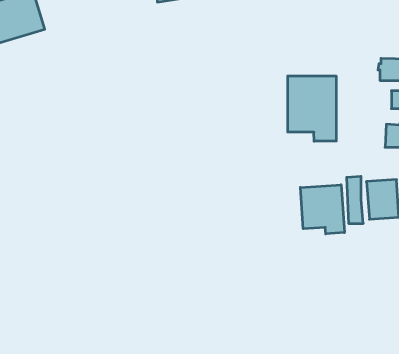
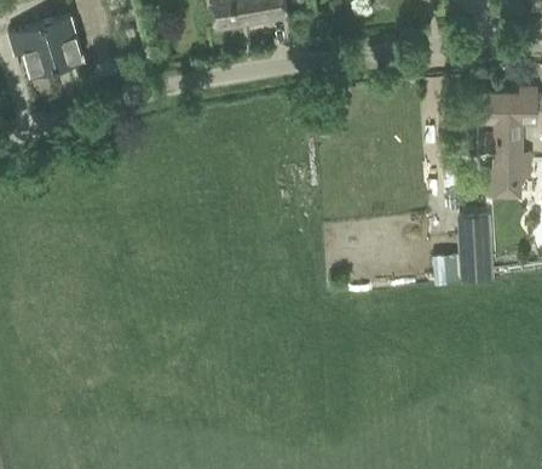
building: [288,76,336,141] -> none
building: [300,185,344,234] -> none

